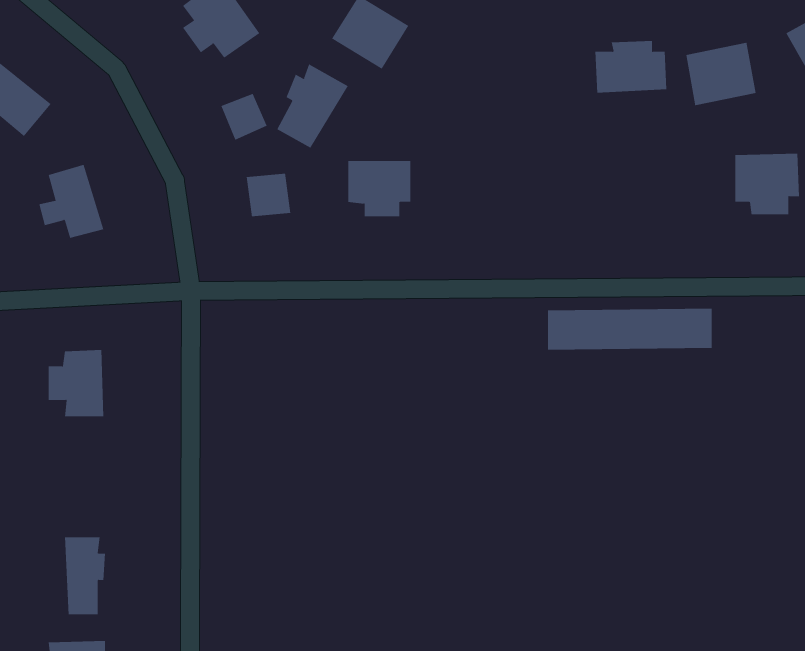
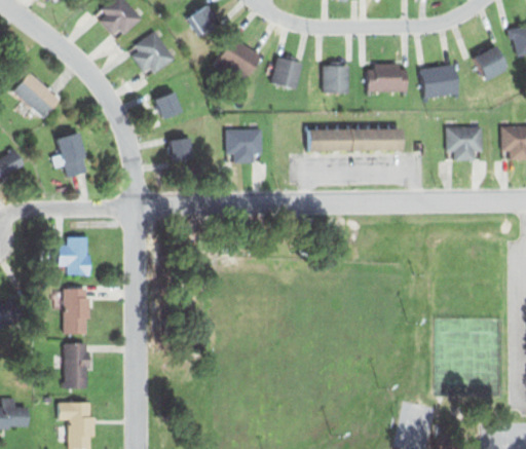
building: none -> [270,57,302,89]
building: none -> [323,66,348,93]
building: [277,63,349,149] -> none
building: [547,308,712,350] -> [308,128,402,152]
building: none -> [63,290,90,334]

